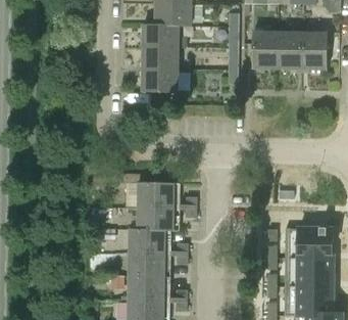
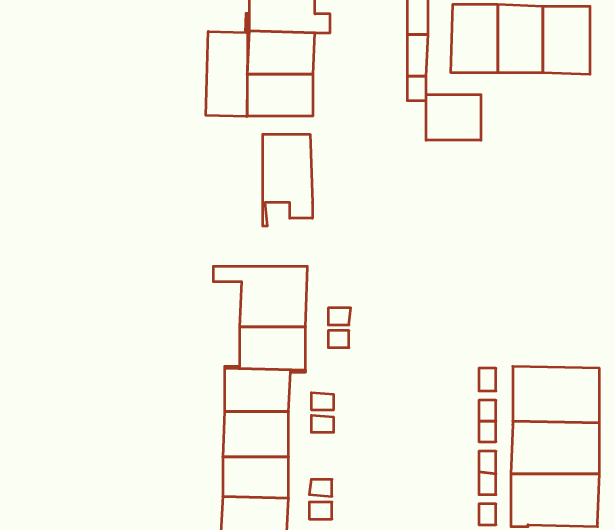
building: none -> [206,13,248,117]
building: none -> [426,95,481,140]
building: none -> [263,134,312,226]

